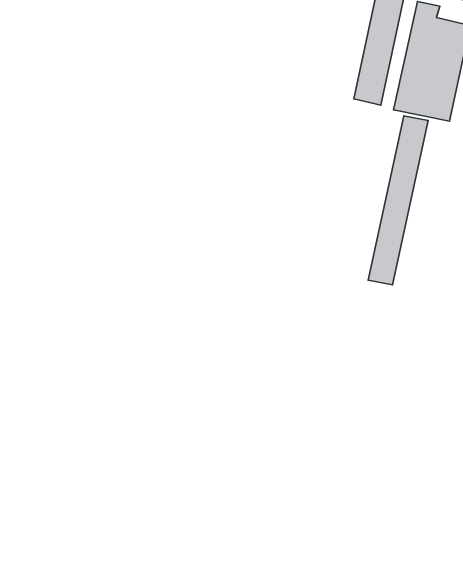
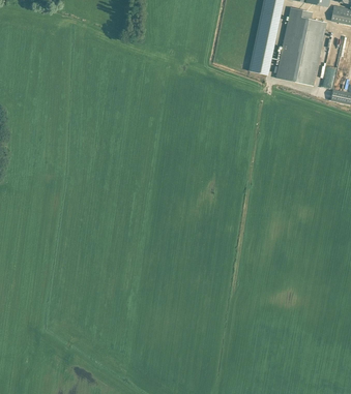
building: [368,116,428,285] -> none

